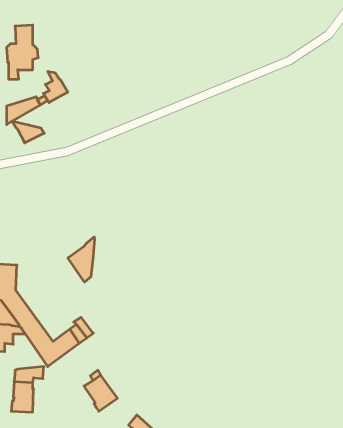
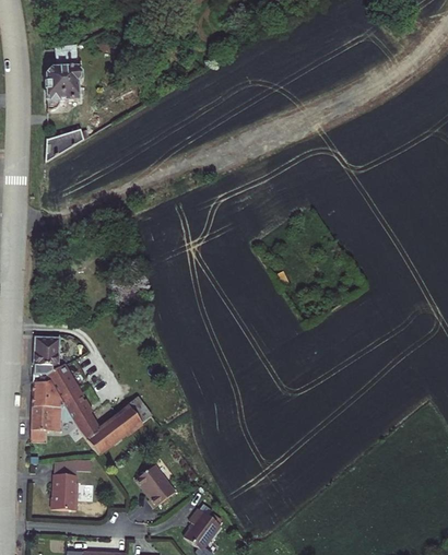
building: [43,71,68,103] -> none
building: [12,121,44,143] -> none
building: [68,237,95,282] -> none

